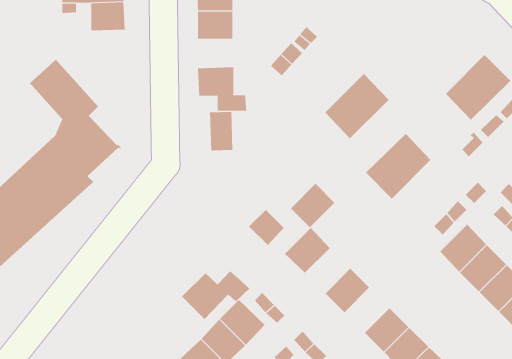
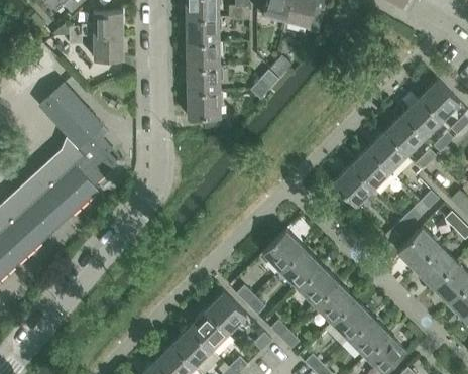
building: none -> [187,68,219,93]
building: [324,73,389,139] -> [368,115,425,172]
building: [209,111,233,151] -> none
building: [290,183,335,228] -> [280,249,320,288]
building: [248,209,285,246] -> none
building: [181,270,250,320] -> none
building: none -> [315,283,354,323]

